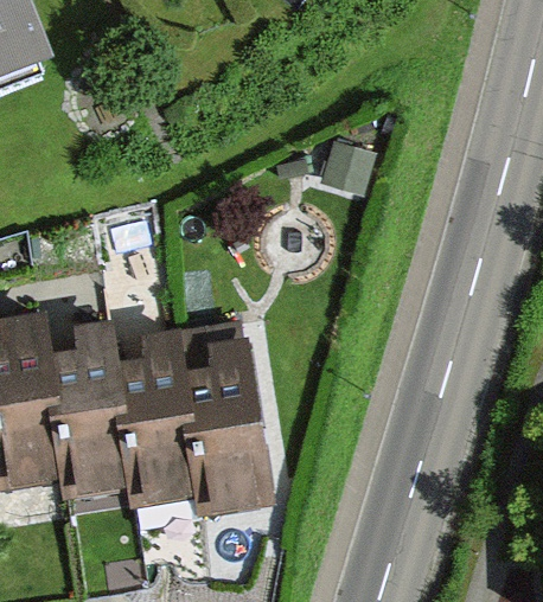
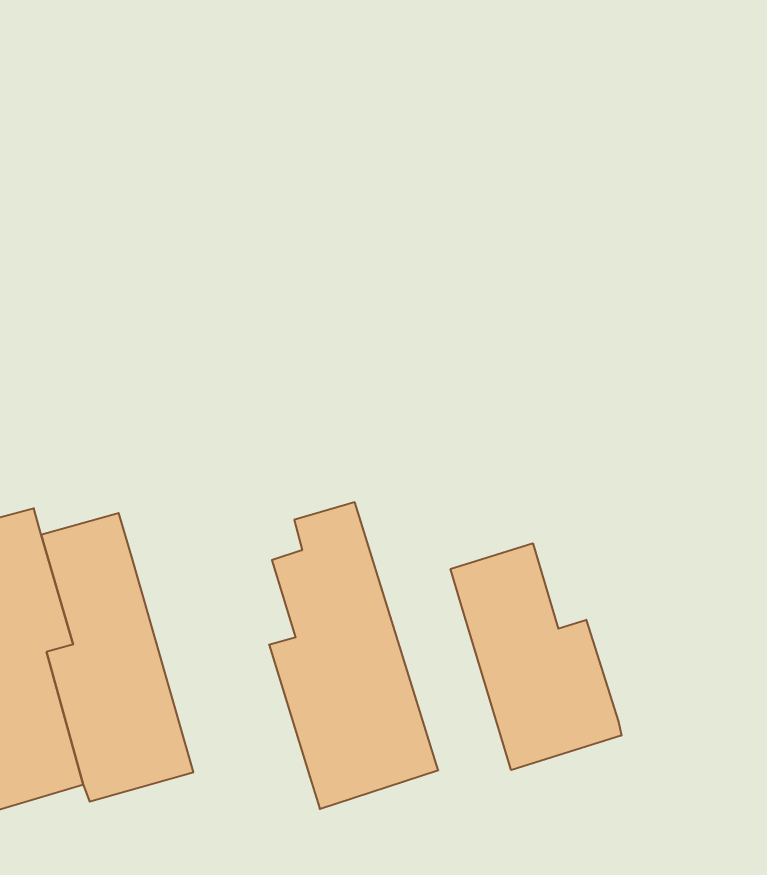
building: [108,320,200,507] -> none
building: none -> [451,543,621,770]

